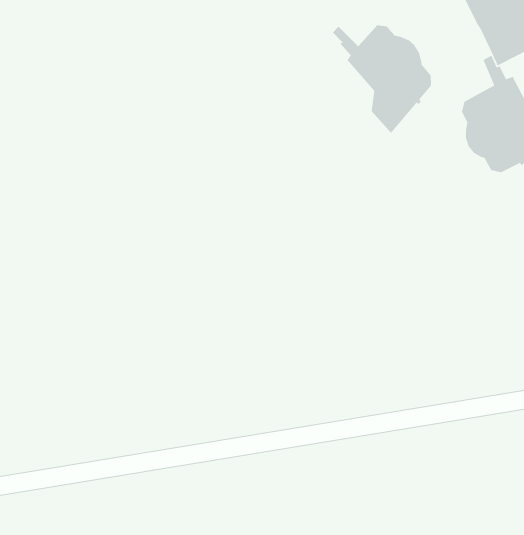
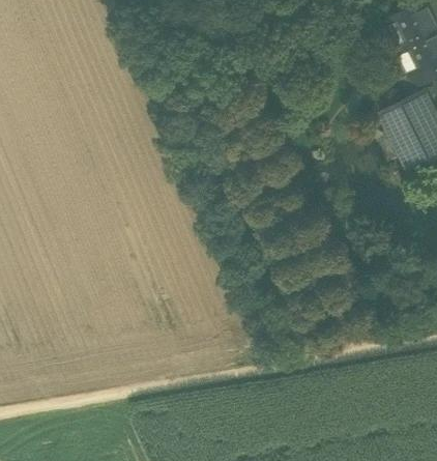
building: [332,24,432,134] -> none

